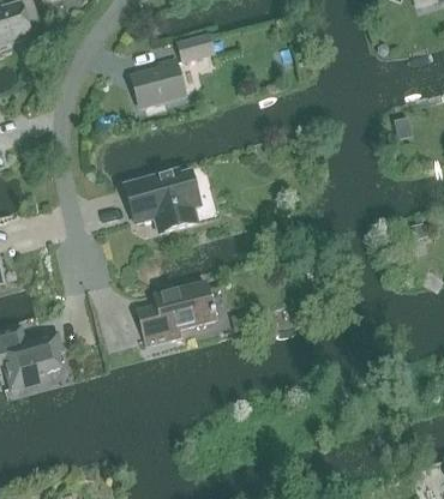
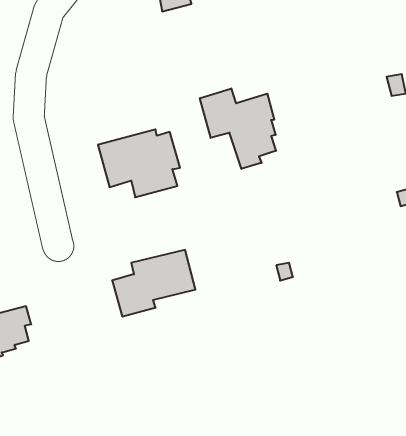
building: [132,59,186,107] -> none
building: none -> [200,88,276,169]

